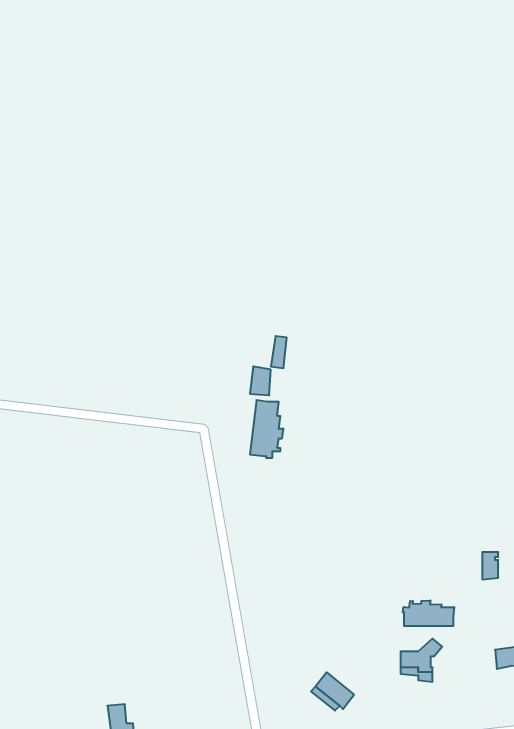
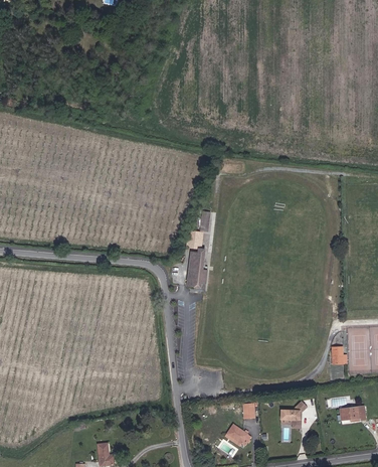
building: [403,600,454,626] -> none

